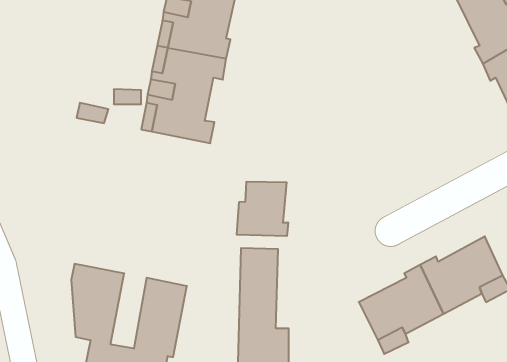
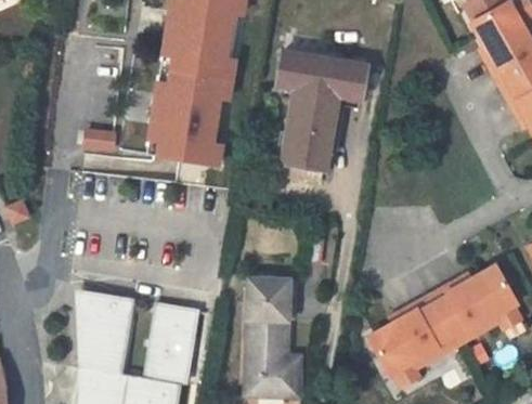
building: none -> [281,50,371,171]
building: [237,182,288,236] -> none

